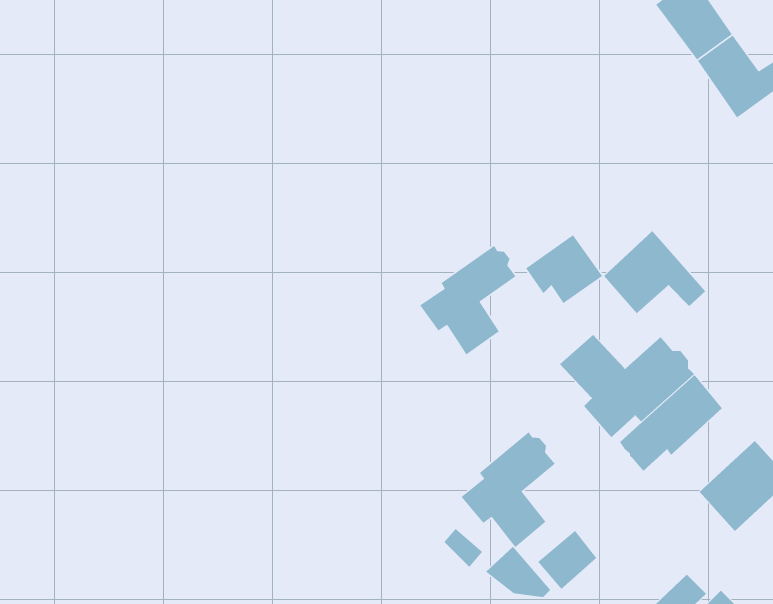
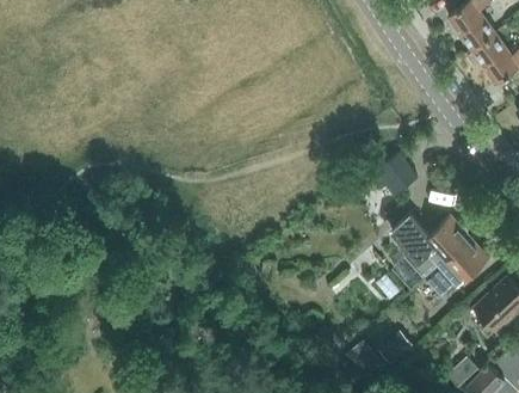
building: [603,230,706,314] -> none
building: [419,245,517,356] -> none
building: [460,431,556,548] -> none

